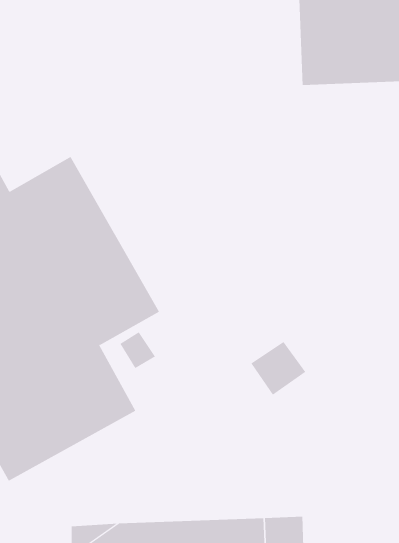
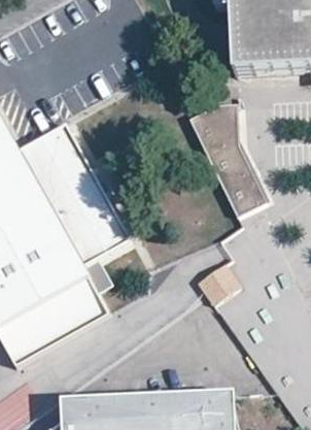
building: none -> [187,101,266,214]

